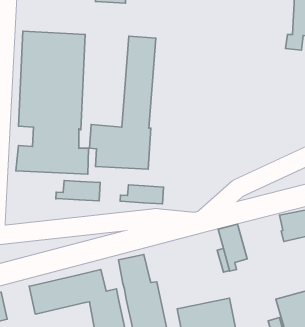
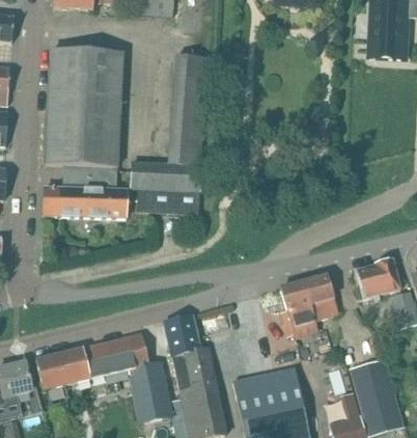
building: [56,181,100,201] -> none
building: [120,185,164,204] -> none
building: none -> [304,272,337,320]
building: none -> [34,352,64,390]

